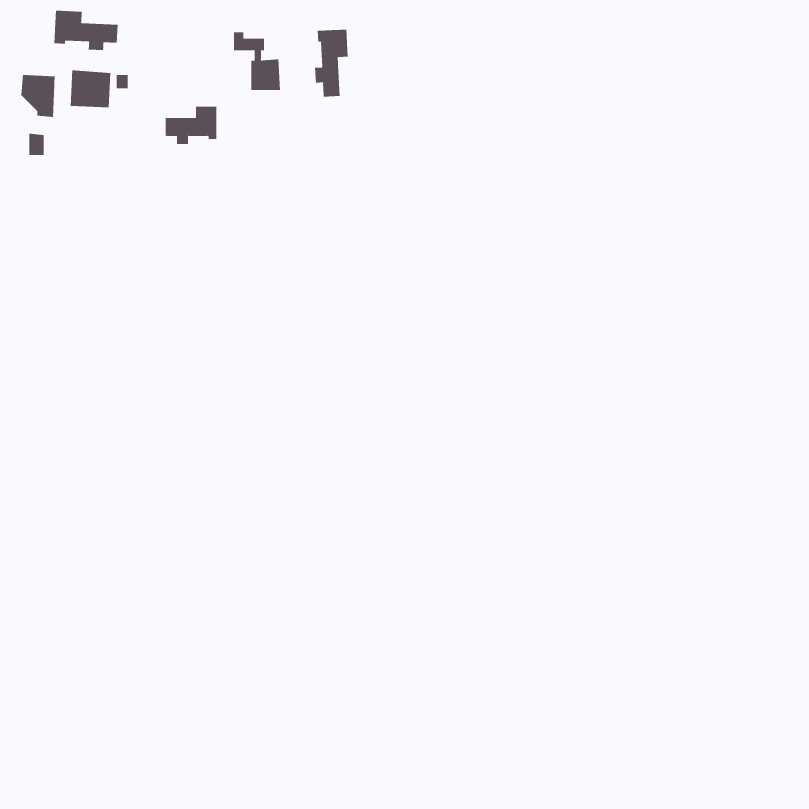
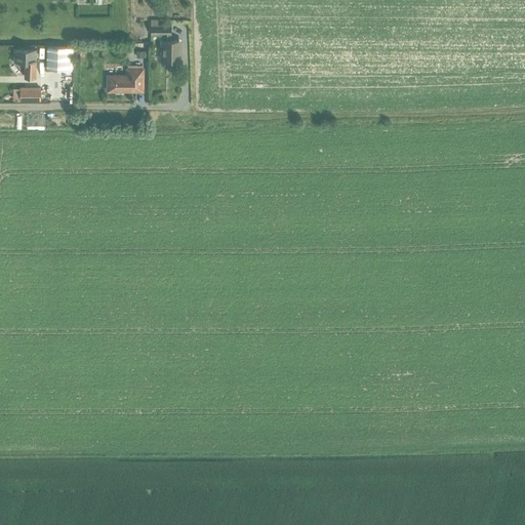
building: [54,10,118,51] -> none
building: [315,29,348,97] -> none

